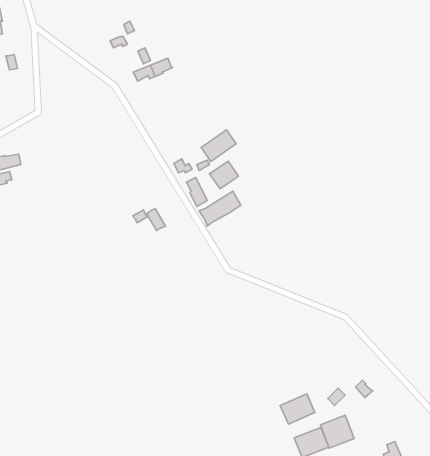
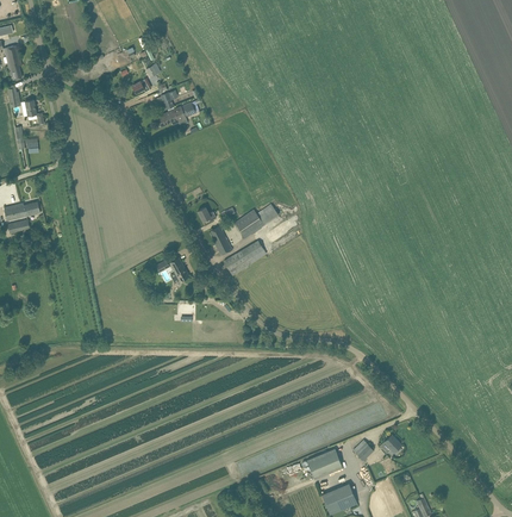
building: [201,130,236,161] -> none
building: [320,415,354,448] -> none

